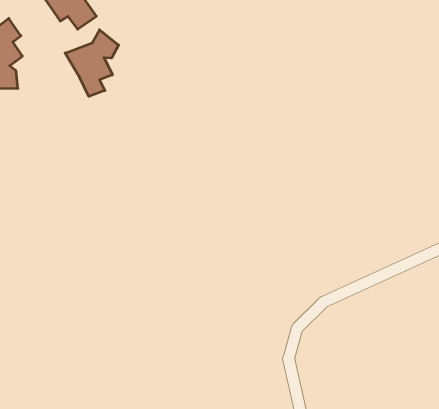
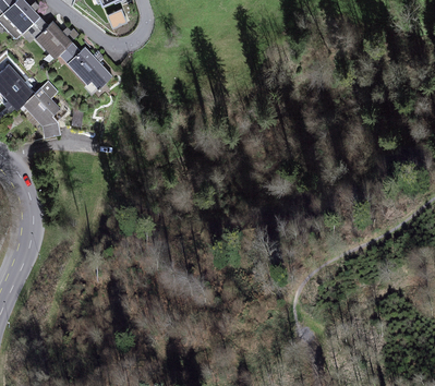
building: [65,30,119,96] -> none

